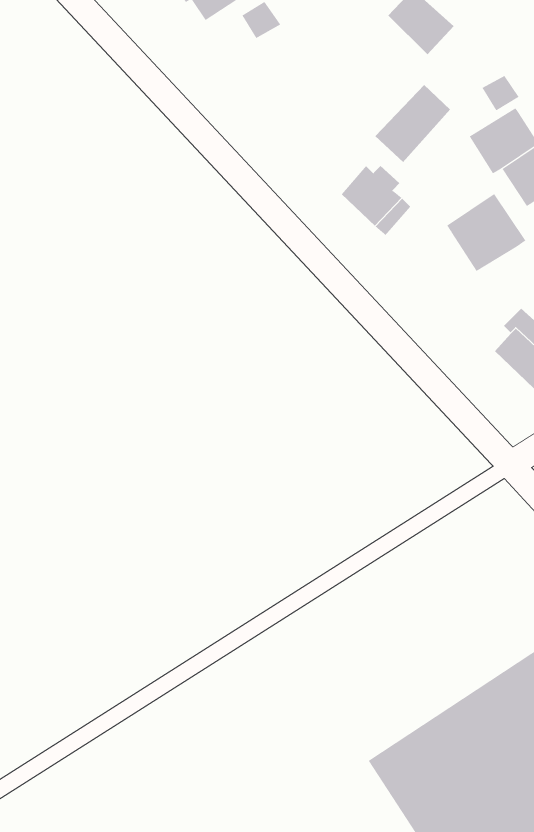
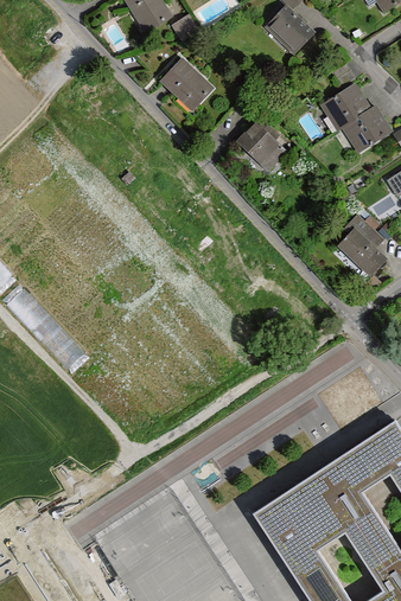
building: none -> [161,60,211,106]
building: [375,84,451,163] -> none
building: [447,193,526,272] -> none

